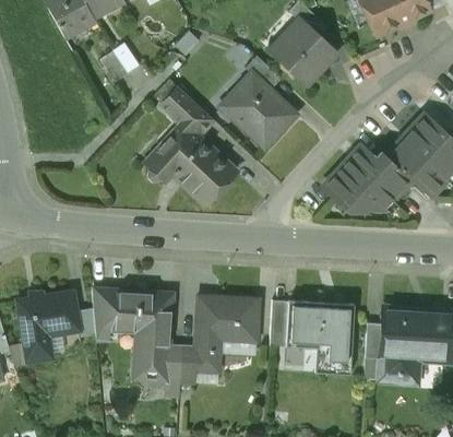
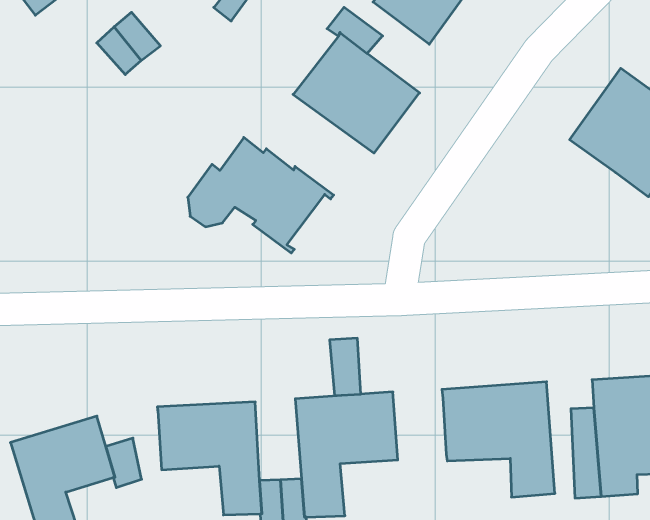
building: [160,87,214,141] -> none
building: [322,146,413,212] -> none
building: [91,292,110,334] -> none
building: [270,306,288,342] -> [330,338,361,396]

